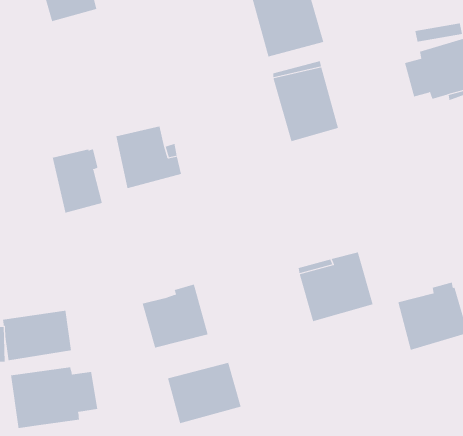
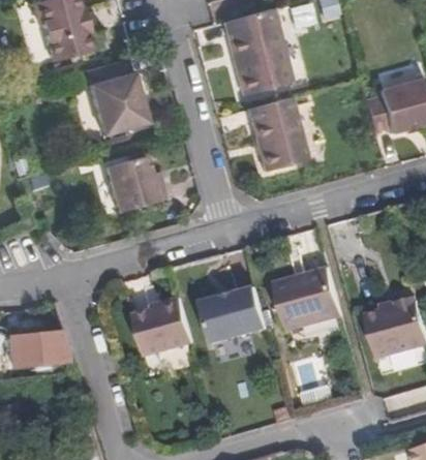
building: none -> [90,75,149,139]
building: [52,148,103,214] -> none
building: [167,362,242,424] -> [200,289,267,345]
building: [10,367,98,429] -> none

